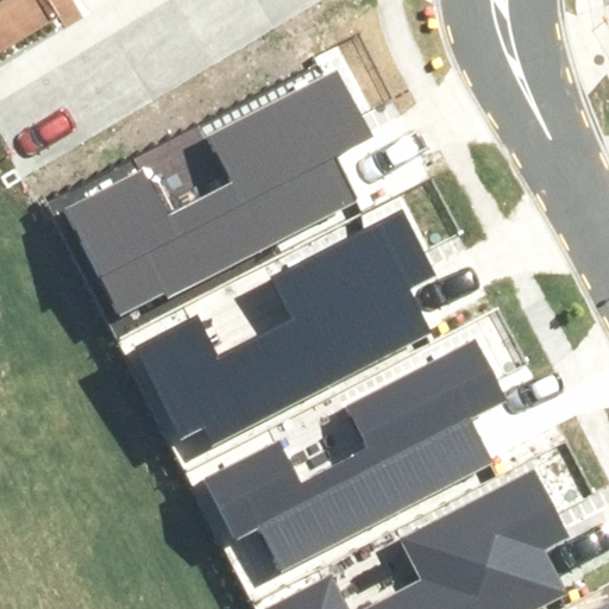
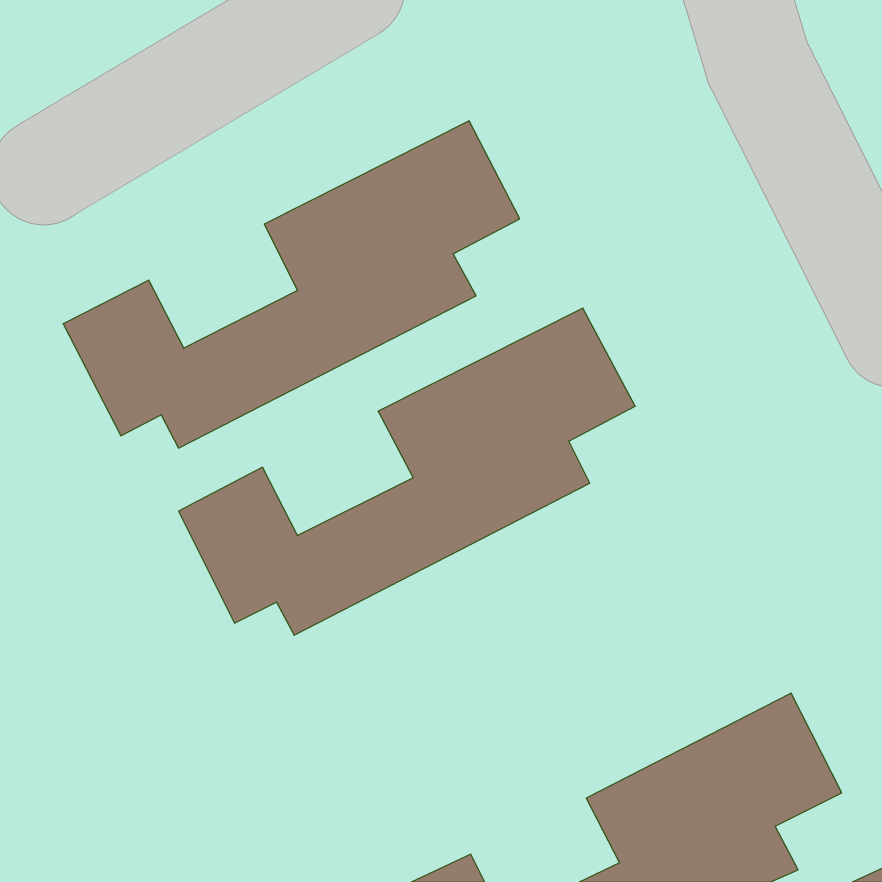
building: [205,337,514,559] -> none

